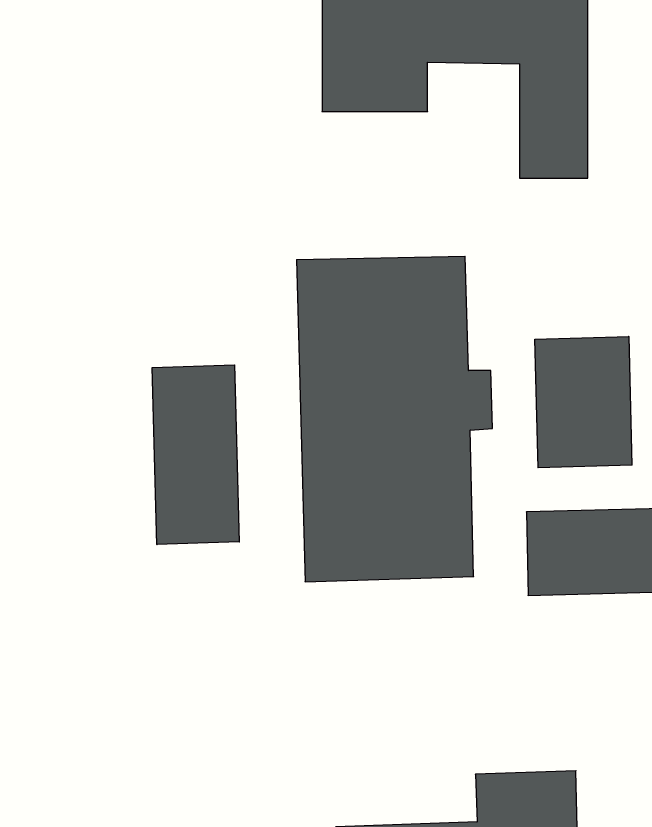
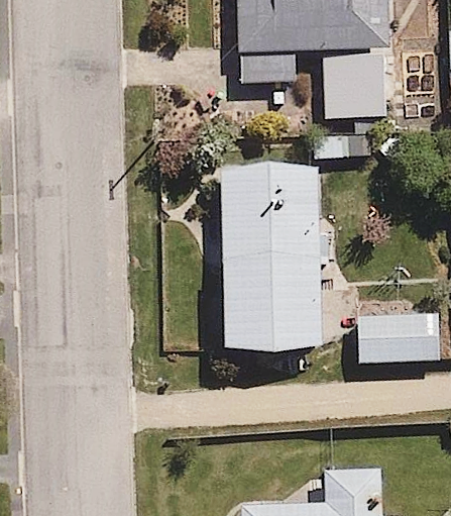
building: [535,336,632,468] -> none
building: [152,365,239,545] -> none

